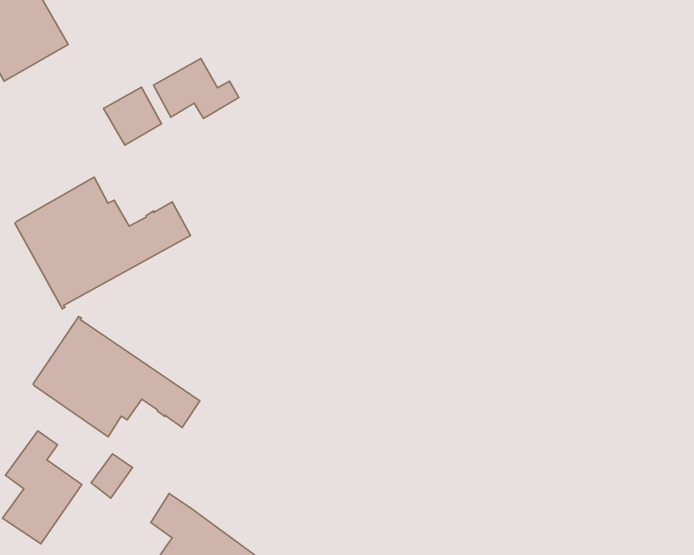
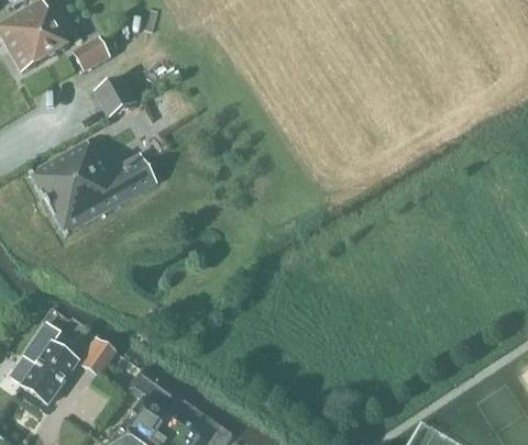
building: none -> [72,36,110,71]
building: [153,59,239,119] -> none
building: [33,316,200,437] -> none

